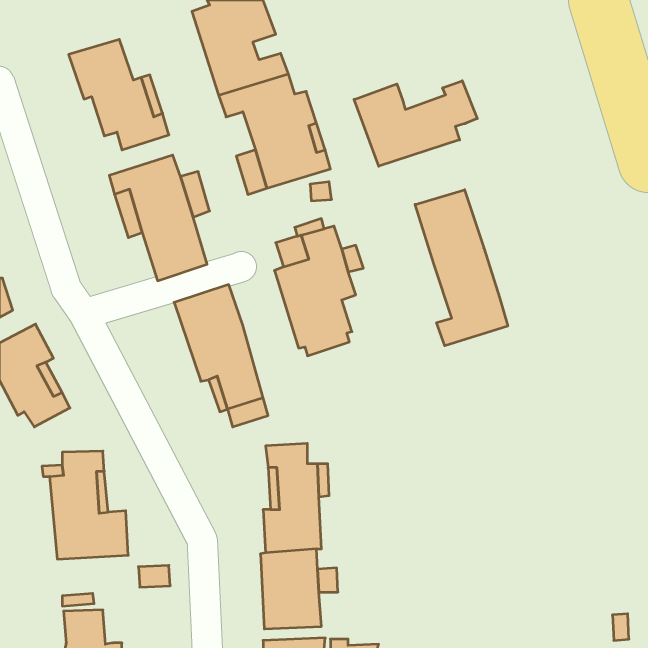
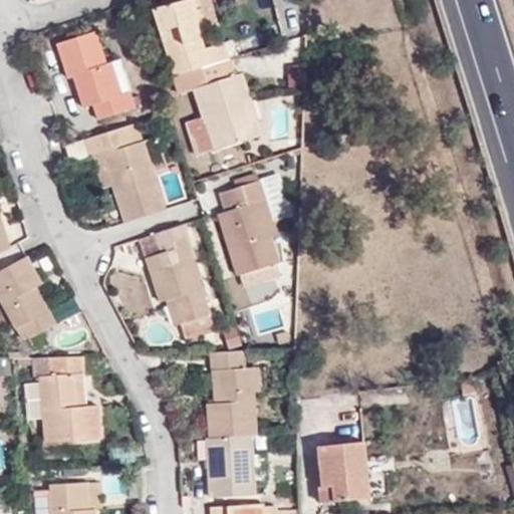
building: [354,81,477,166] -> none
building: [415,190,508,346] -> none
building: none -> [318,443,389,503]

